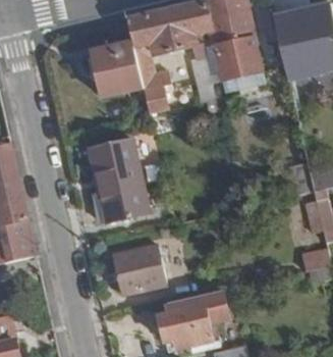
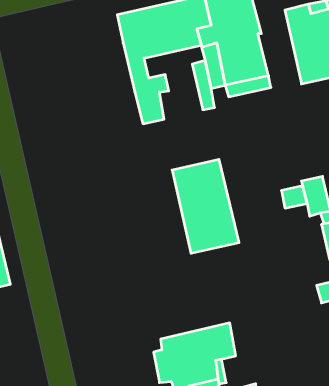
building: [93,43,143,95] -> none
building: [90,137,148,218] -> [172,159,239,253]
building: [115,245,165,293] -> none

